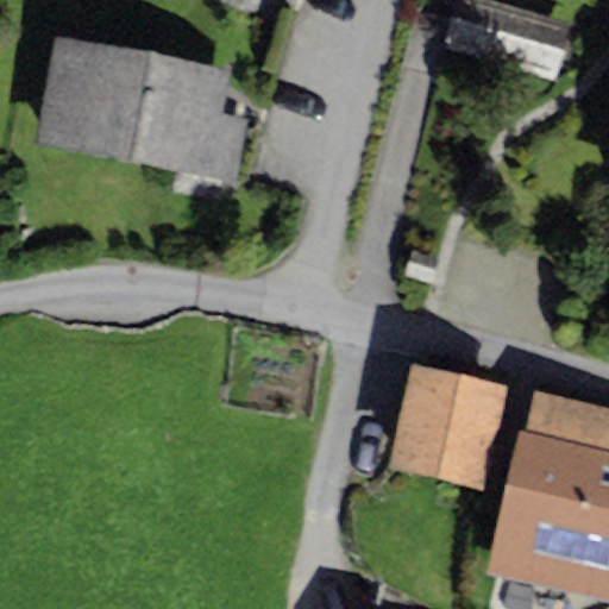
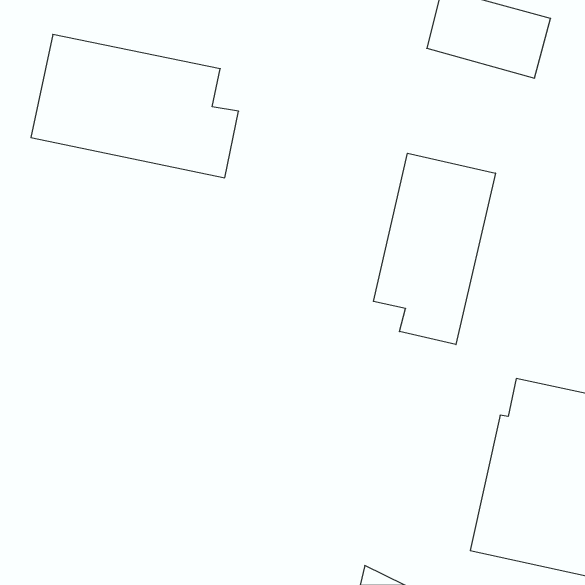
building: none -> [373,153,495,345]
building: [388,362,507,486] -> none

